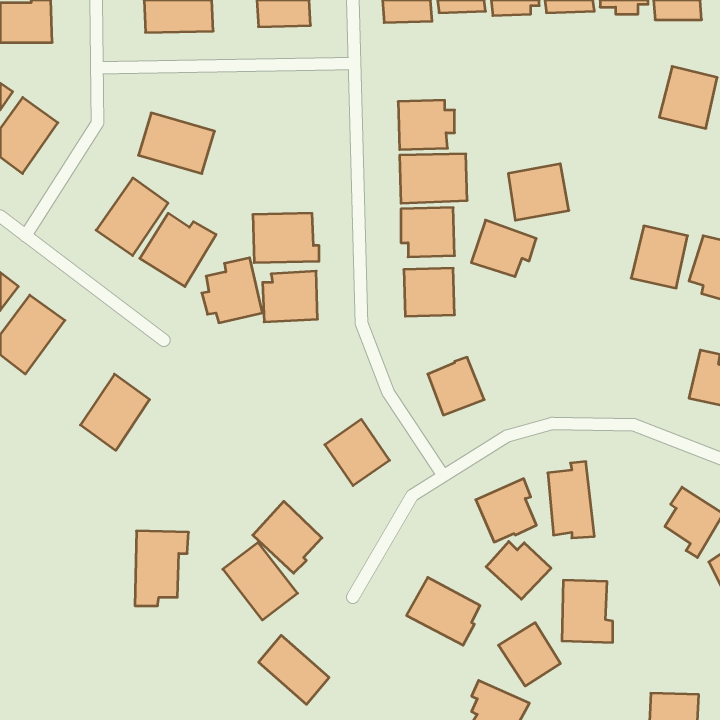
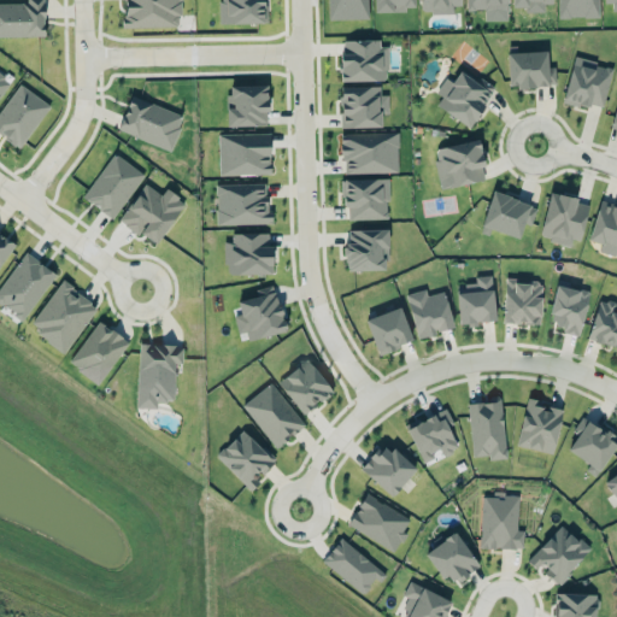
building: none -> [341,40,389,82]
building: none -> [509,52,557,88]
building: none -> [437,71,495,128]
building: none -> [227,86,269,127]
building: none -> [219,134,271,175]
building: [471,220,536,277] -> [482,192,537,240]
building: [202,258,262,323] -> [235,286,287,341]
building: none -> [458,276,495,324]
building: none -> [548,280,589,334]
building: none -> [30,281,99,353]
building: none -> [504,282,542,324]
building: none -> [406,289,454,340]
building: none -> [517,400,564,454]
building: [135,531,189,606] -> [139,345,184,409]
building: [486,541,551,599] -> [362,447,417,496]
building: [223,542,298,620] -> [242,383,306,449]
building: none -> [528,524,590,584]
building: [259,635,329,704] -> [323,537,383,597]

